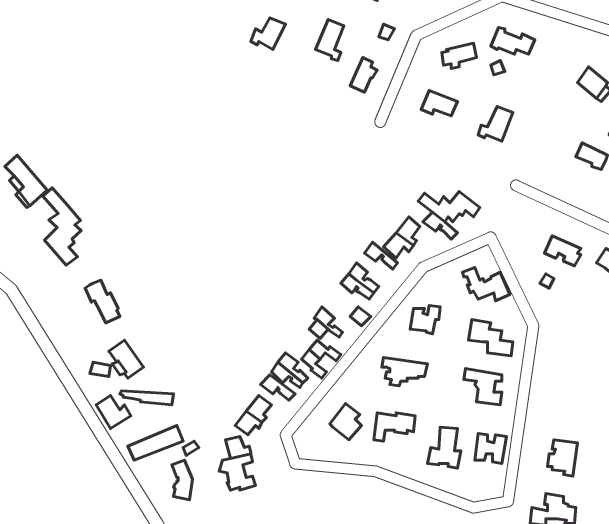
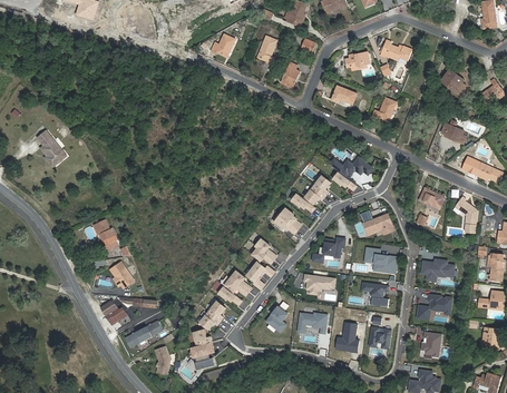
building: [43,188,81,265] -> none
building: none -> [421,259,455,277]
building: none -> [417,295,451,320]

